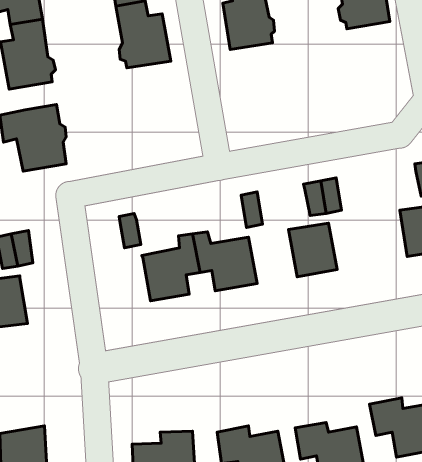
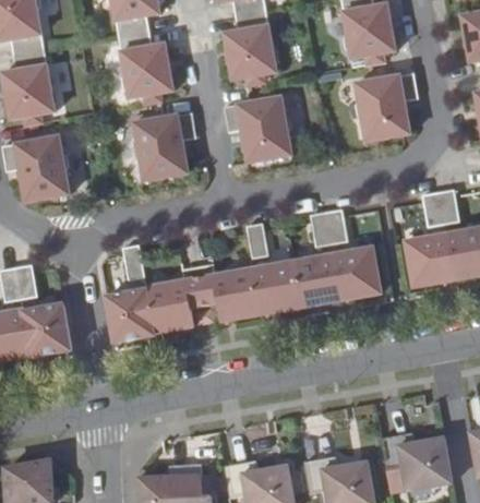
building: none -> [356,72,417,142]
building: none -> [224,96,291,163]
building: none -> [133,111,195,181]
building: none -> [334,248,382,301]
building: none -> [253,261,302,315]
building: none -> [106,289,154,343]
building: none -> [22,303,71,356]

